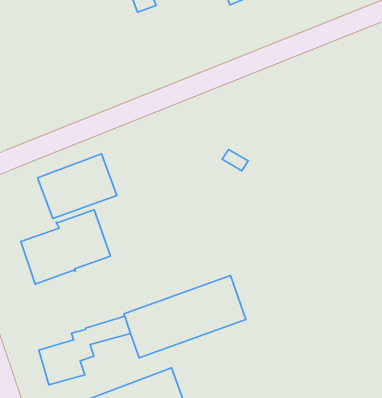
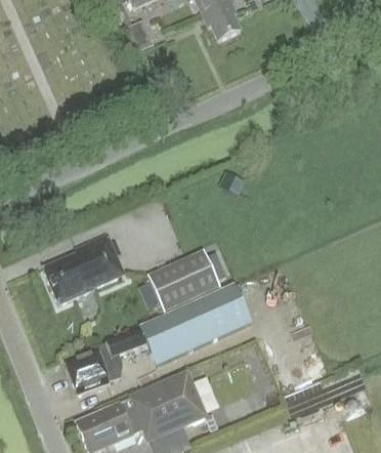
building: [37,154,117,219] -> [147,249,220,311]

